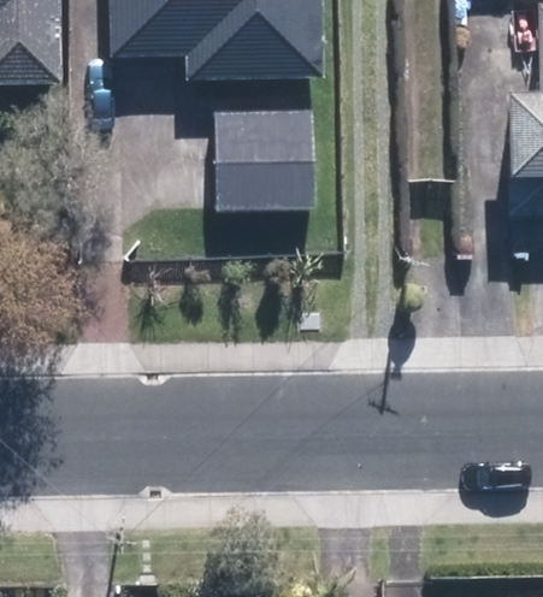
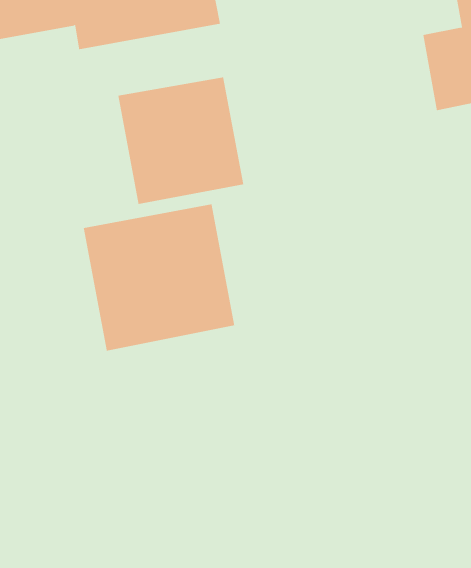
building: none -> [83,203,235,352]

